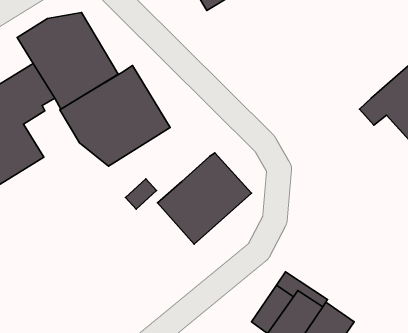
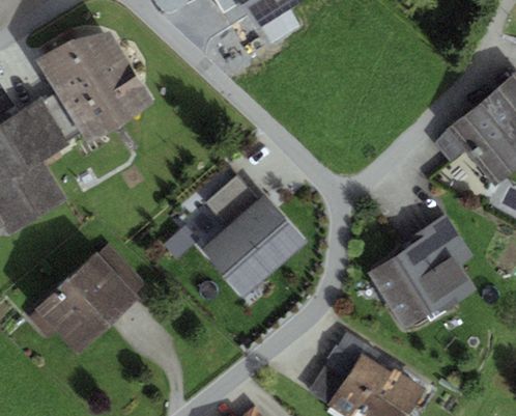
building: [60,66,170,166] -> none
building: none -> [204,174,258,227]
building: none -> [367,214,476,330]
building: none -> [29,246,145,355]

